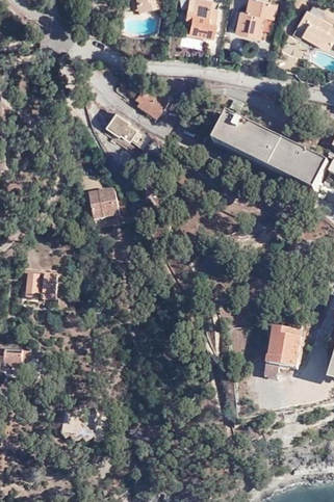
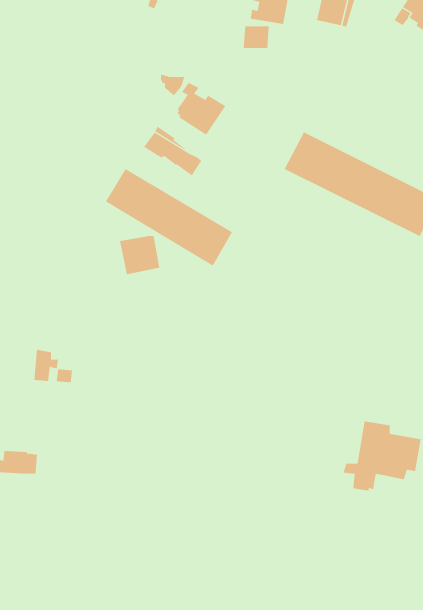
building: none -> [105,168,233,267]

